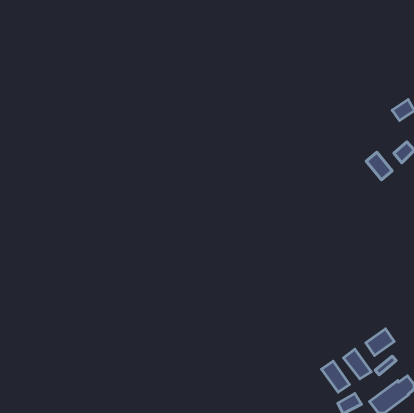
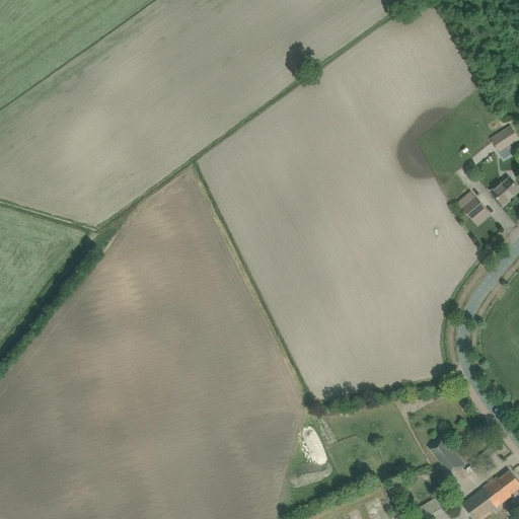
building: [366,329,394,355] -> none
building: [322,361,350,392] -> none

